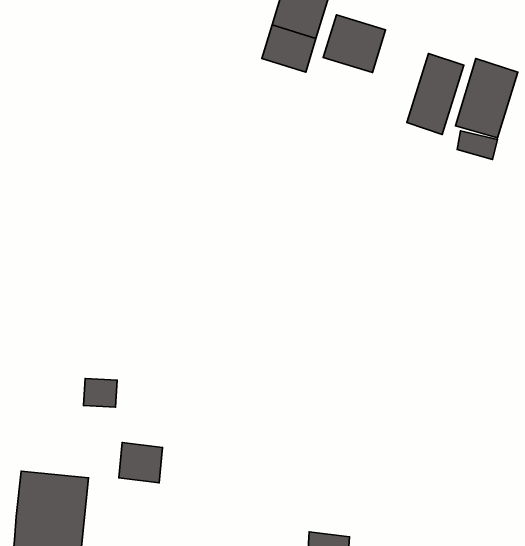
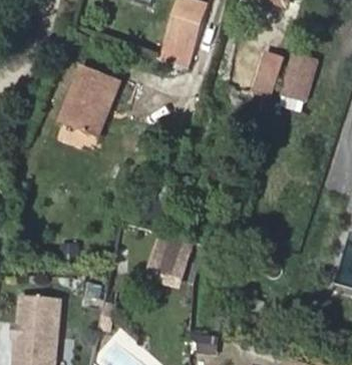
building: [323,15,385,73] -> none
building: none -> [59,64,119,136]
building: none -> [150,233,191,272]

